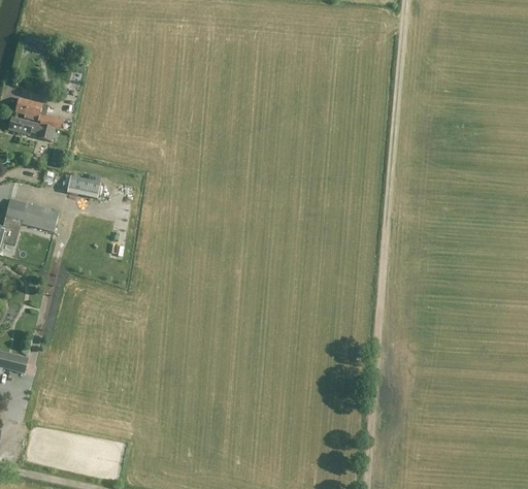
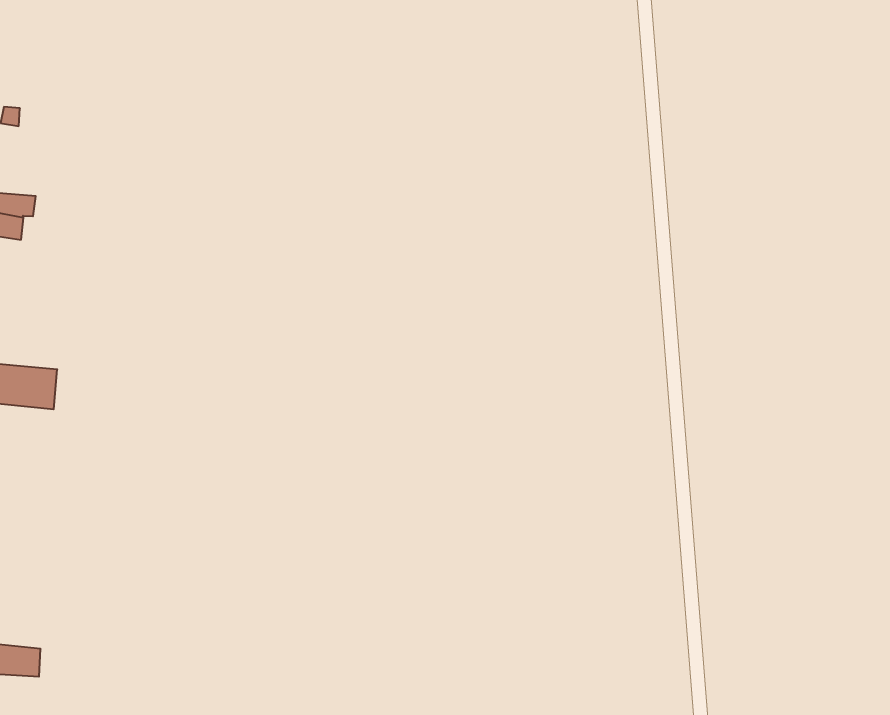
building: [66,174,100,197] -> none

